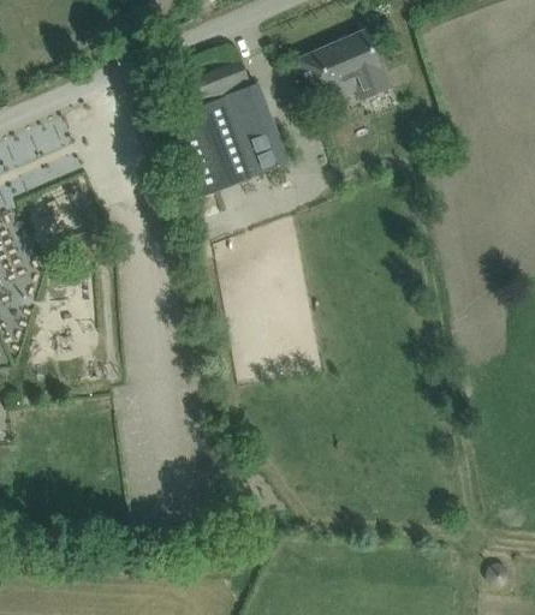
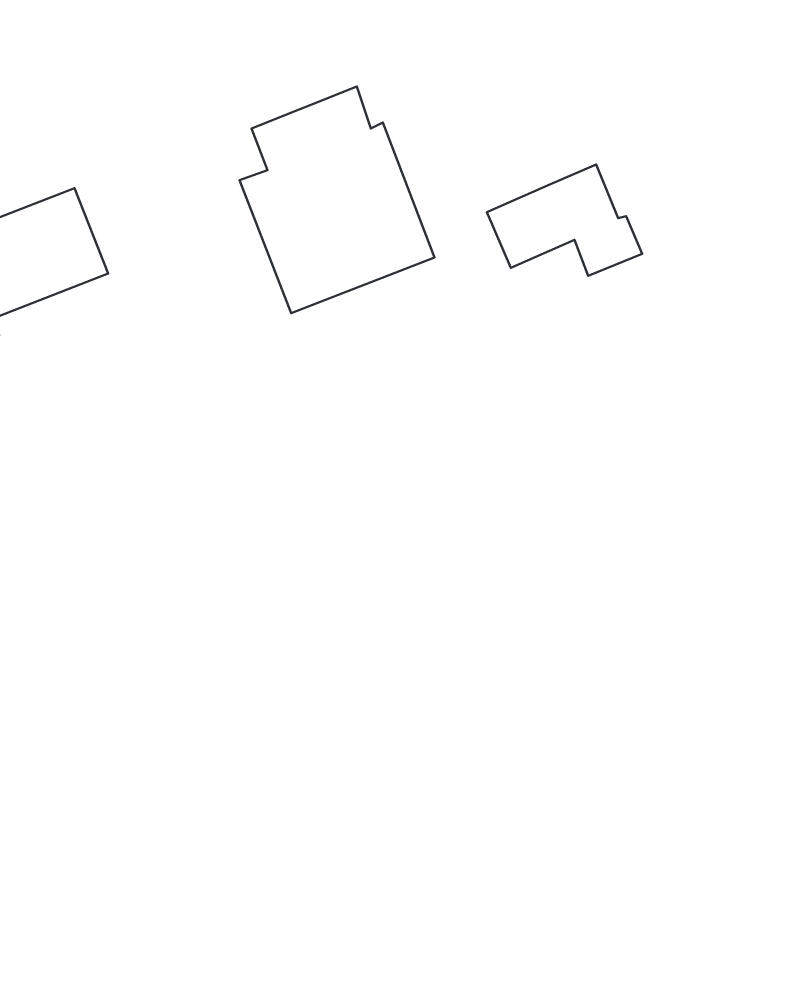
building: [297,29,391,96] -> [487,164,642,276]

